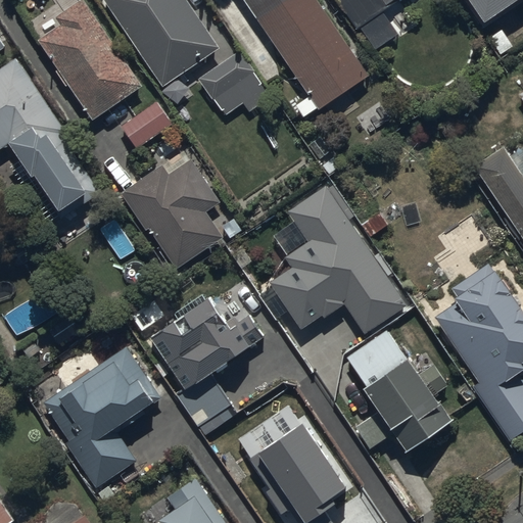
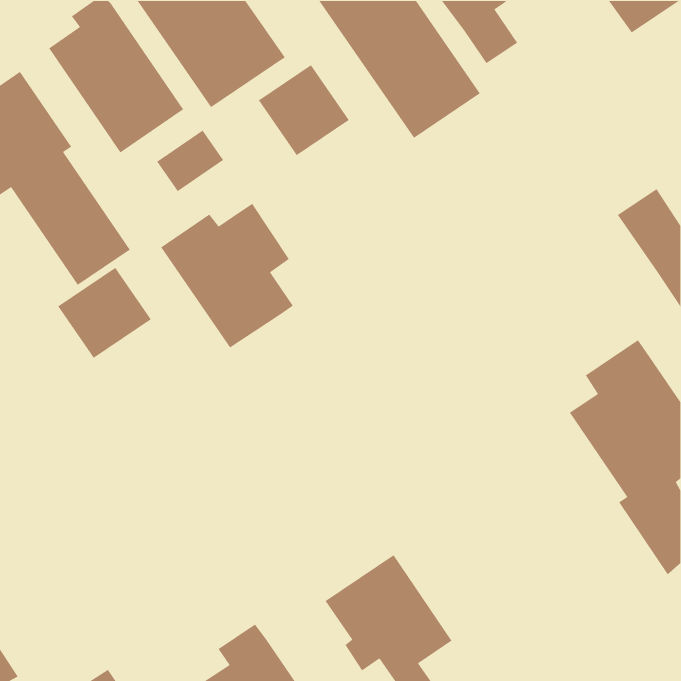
building: [269,186,406,331] -> none
building: none -> [57,267,152,359]
building: [149,291,264,436] -> none
building: [343,329,451,453] -> none
building: [43,344,163,491] -> none

